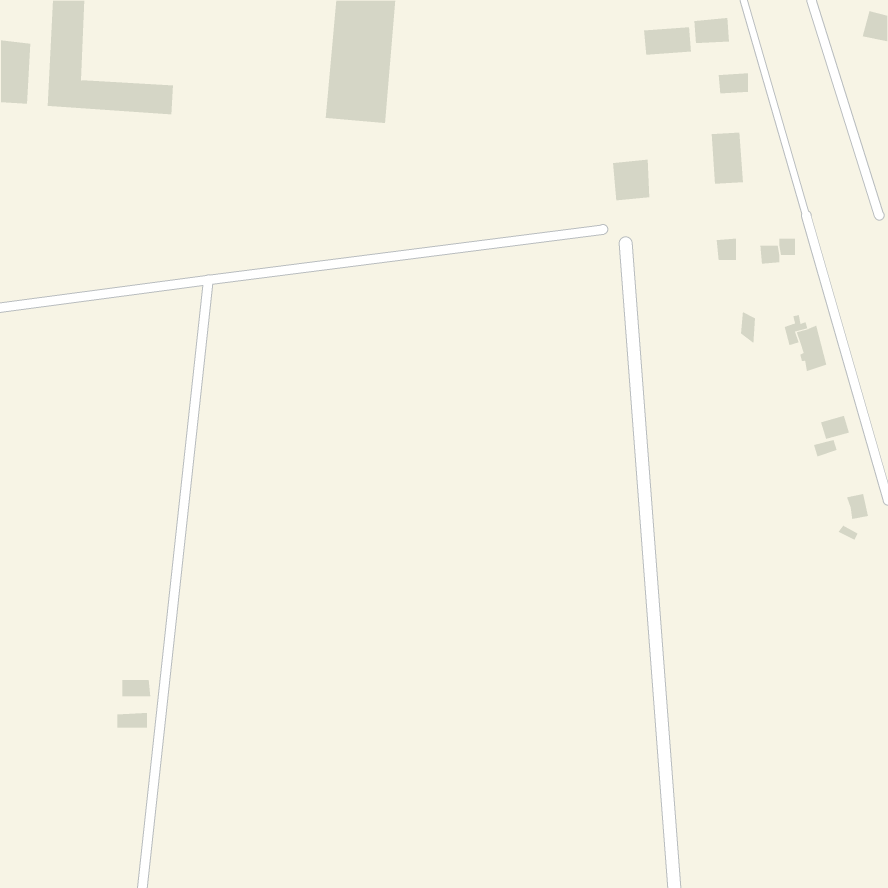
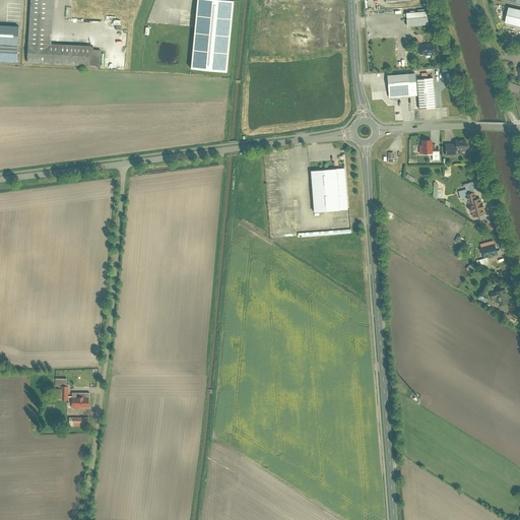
building: [644,27,692,56] -> none
building: [612,159,650,201] -> [387,73,409,98]
building: none -> [310,168,347,211]

